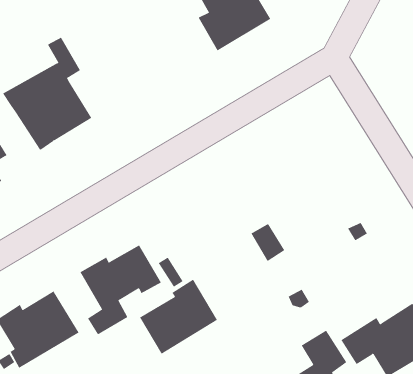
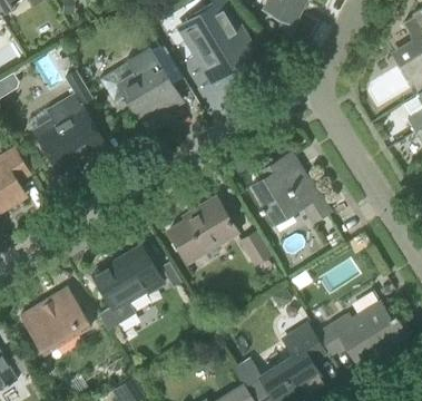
building: none -> [99,51,183,115]
building: none -> [253,155,330,225]
building: [139,279,218,355] -> [169,196,237,262]

